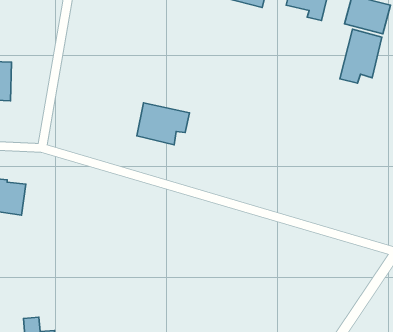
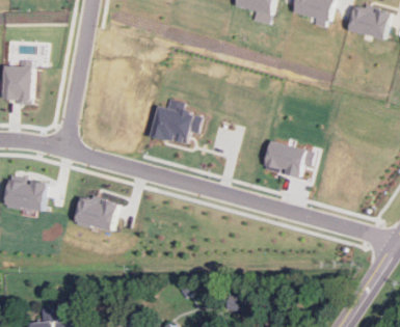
building: [340,29,382,83] -> none
building: none -> [262,140,312,176]
building: none -> [74,194,116,229]

